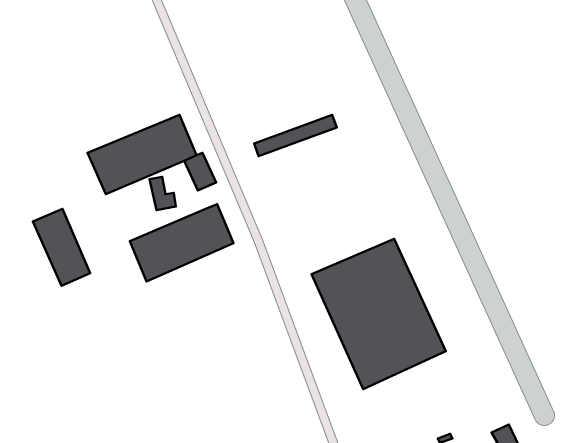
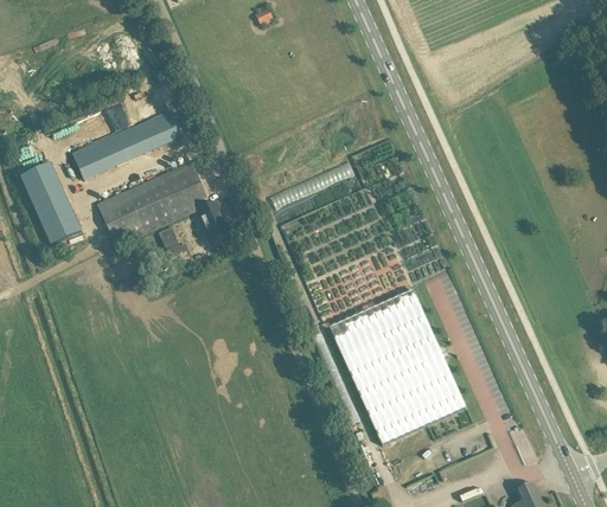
building: none -> [72,111,179,179]
building: [130,204,234,281] -> none
building: [33,209,90,286] -> [23,161,82,240]

